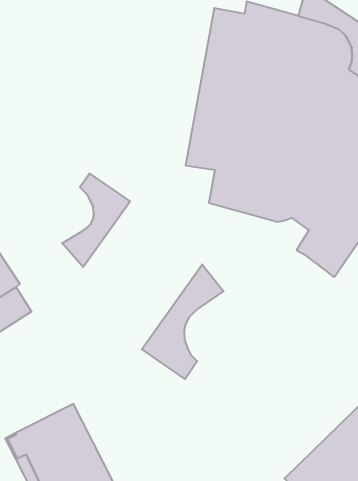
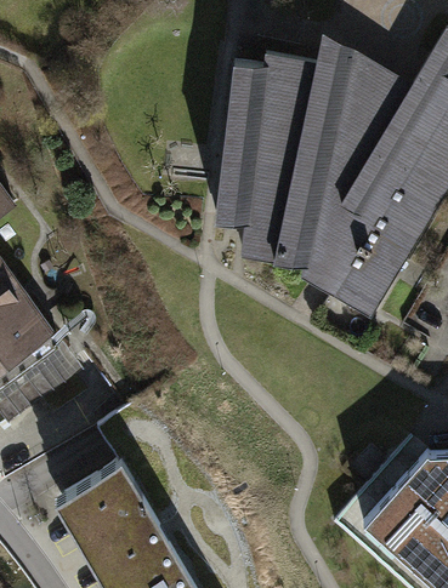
building: [62,173,130,267] -> none
building: [142,264,224,379] -> none

